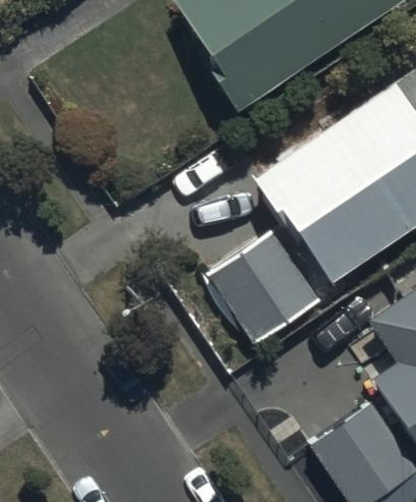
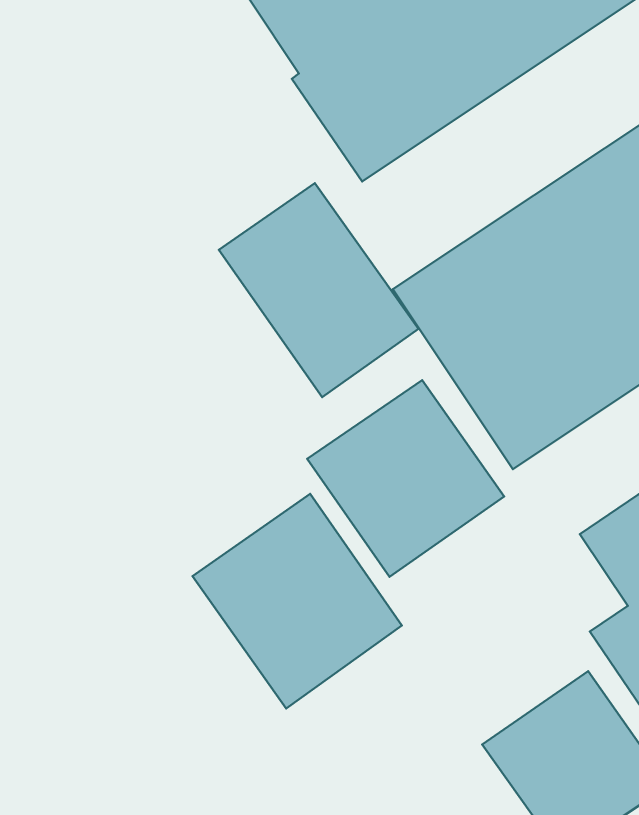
building: none -> [219,183,418,397]
building: none -> [193,494,402,709]

